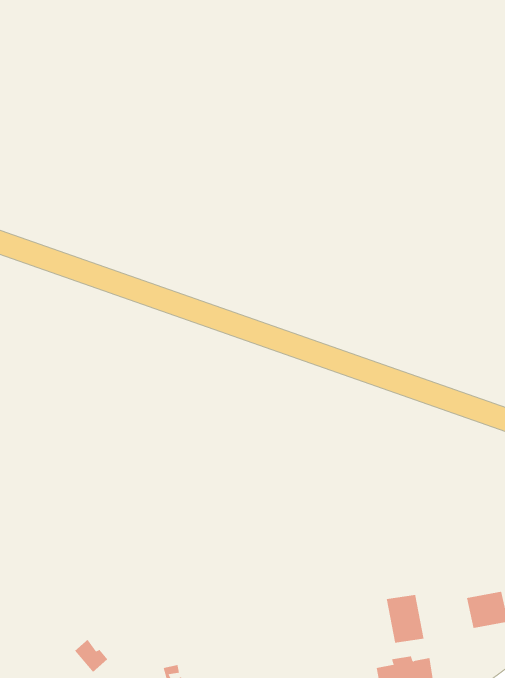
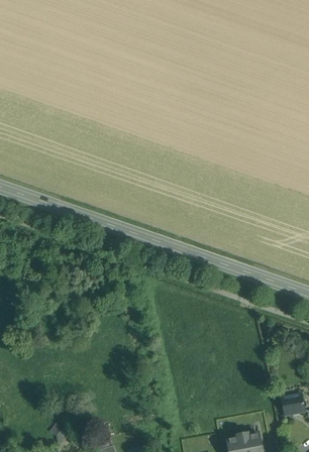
building: [386,594,424,644] -> none

